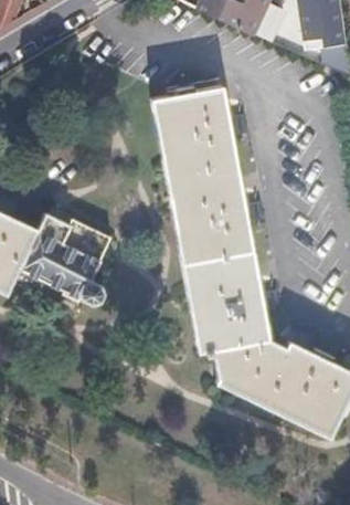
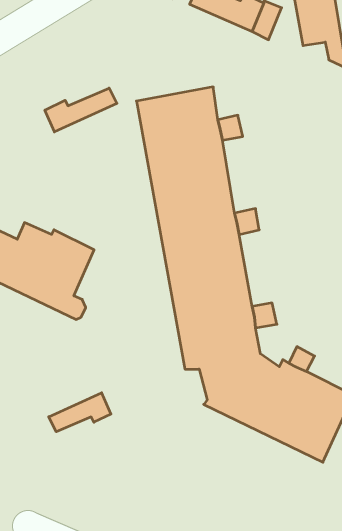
building: none -> [45,88,117,132]
building: none -> [49,393,111,432]

